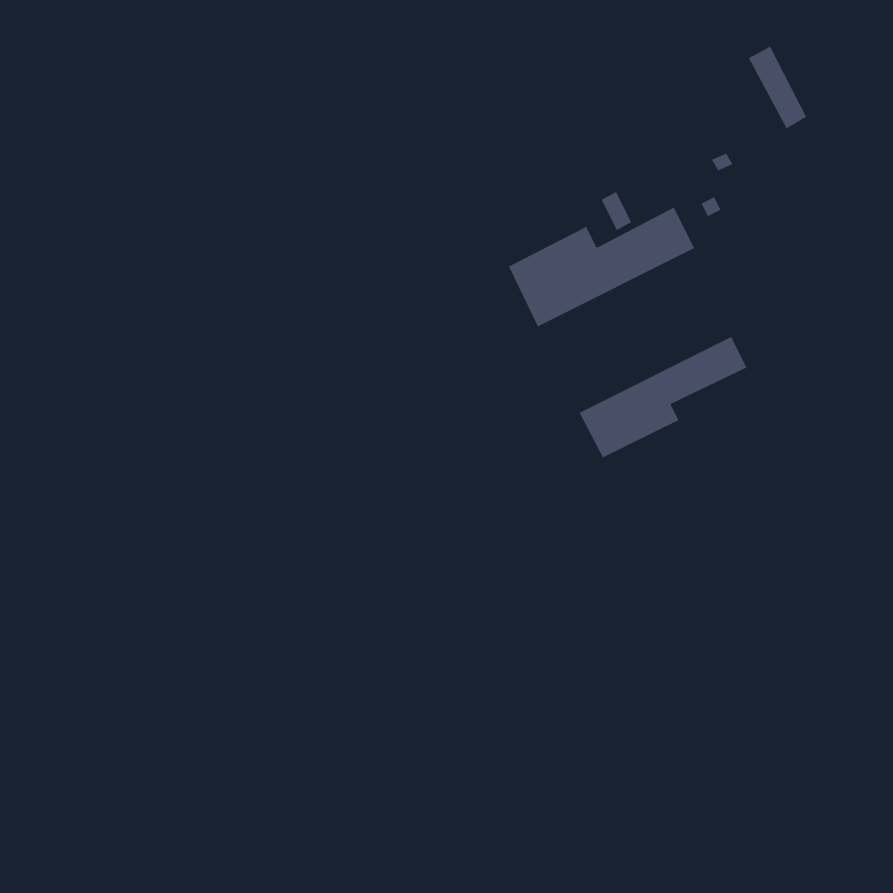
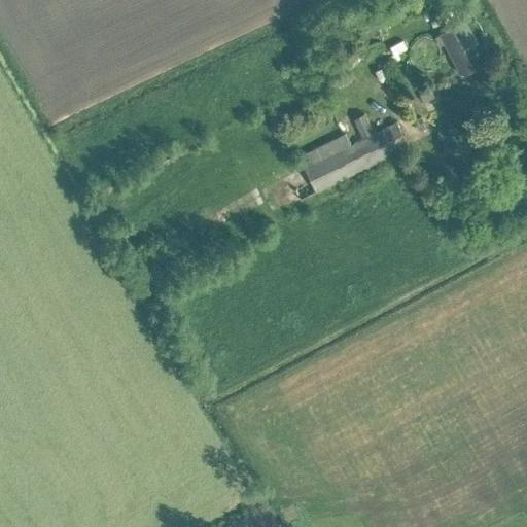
building: [579,336,748,458] -> none

